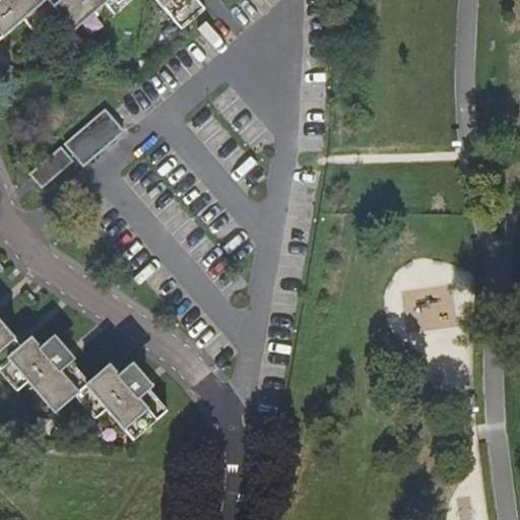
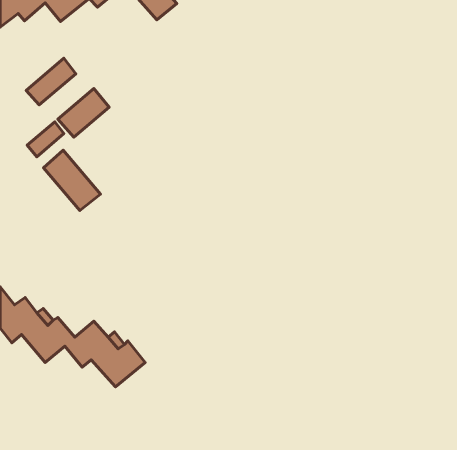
building: none -> [26,58,76,105]
building: none -> [43,150,100,211]

